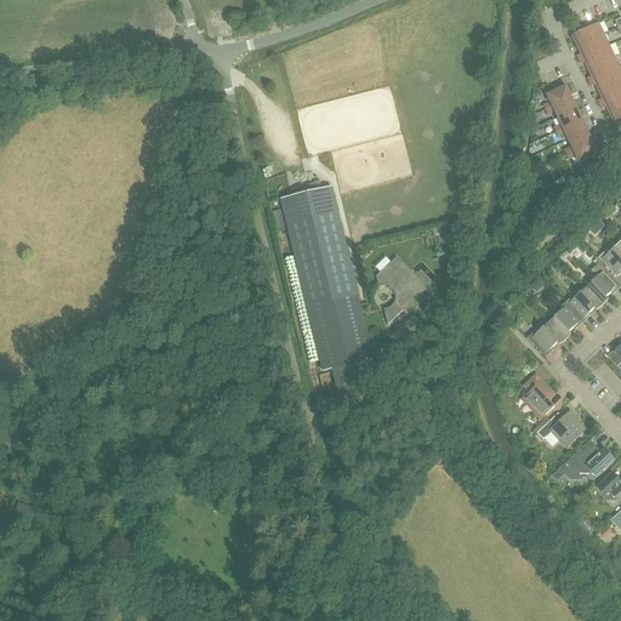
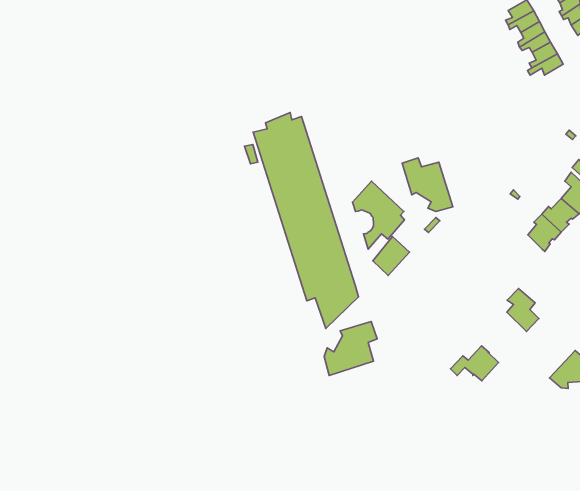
building: none -> [402,158,453,212]
building: [528,319,565,354] -> none
building: none -> [324,321,377,375]
building: [537,409,586,444] -> [451,346,498,381]

